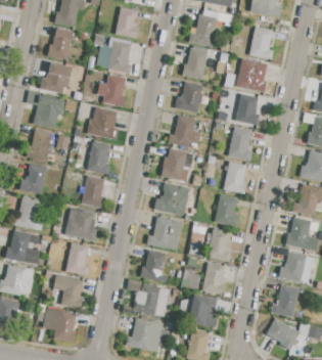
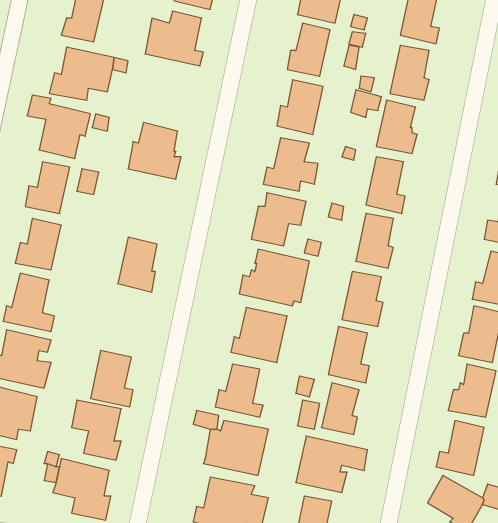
building: [96,75,126,106] -> none
building: [87,141,110,174] -> none
building: [65,208,97,240] -> none

